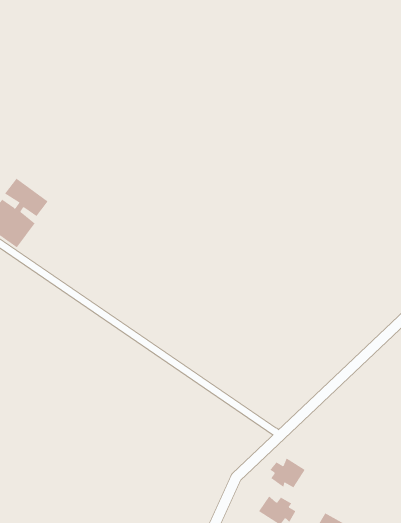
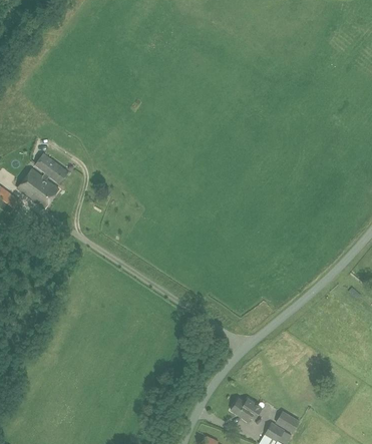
building: [269,458,305,488] -> none

